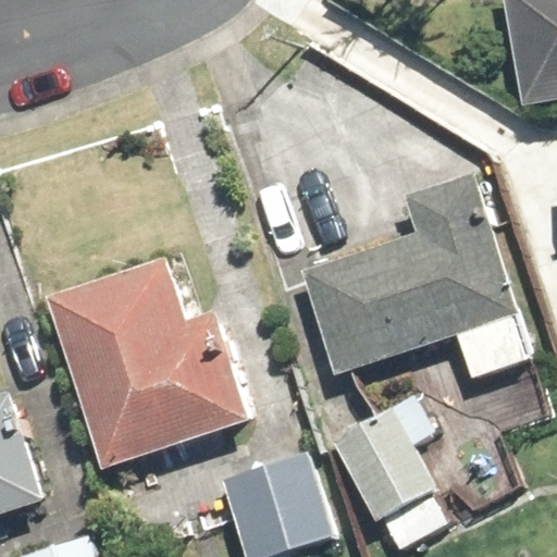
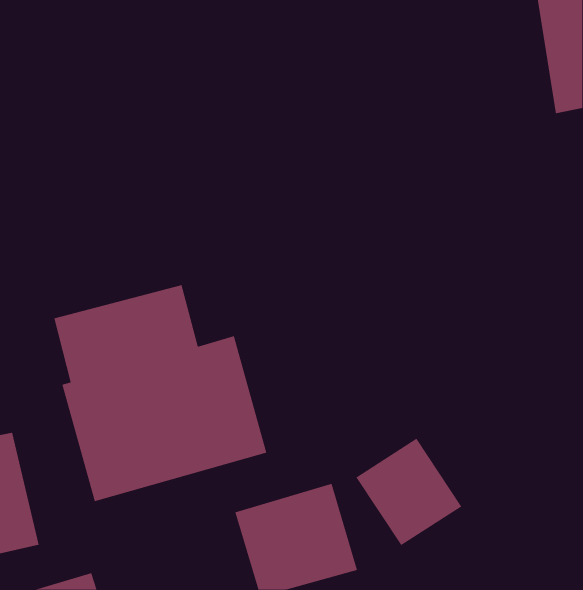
building: [304,208,519,371] -> none

